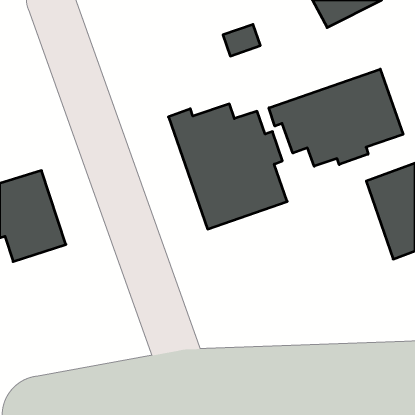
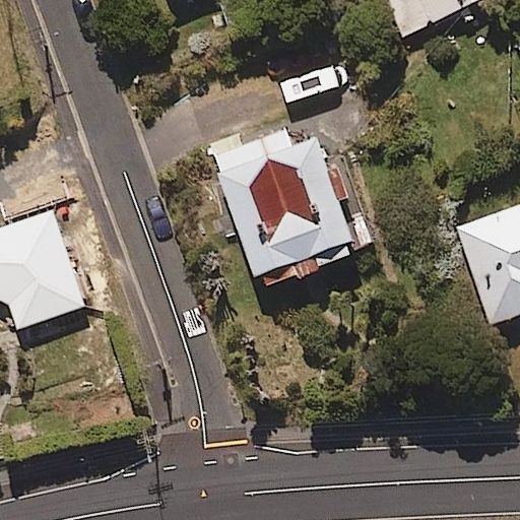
building: [269,69,403,166] -> none

